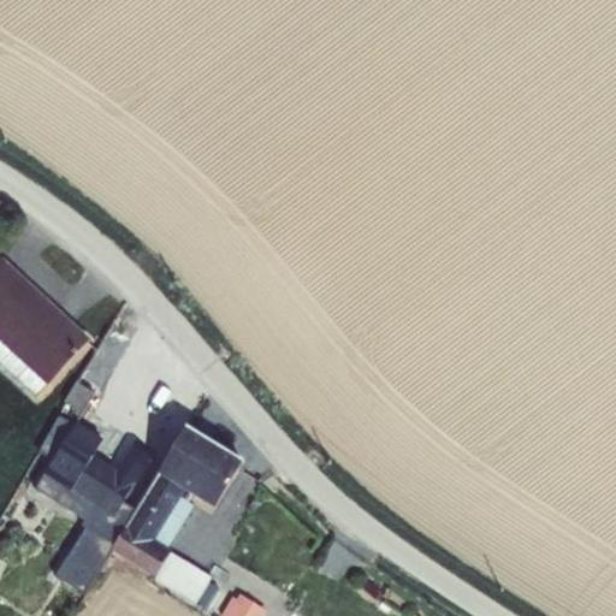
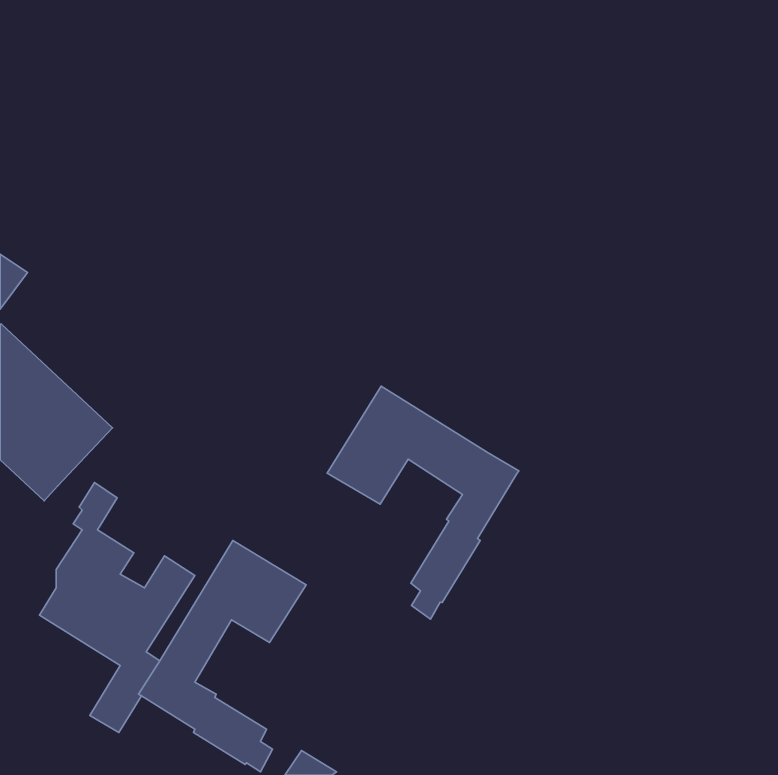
building: none -> [327,386,519,619]

